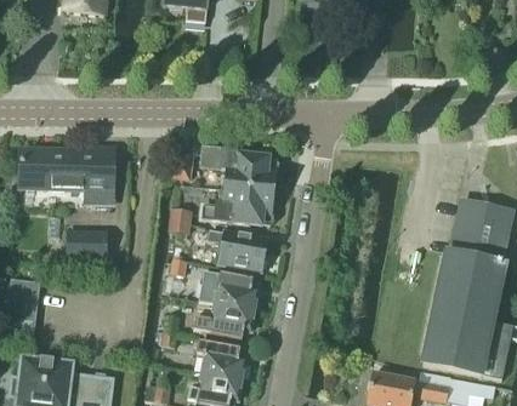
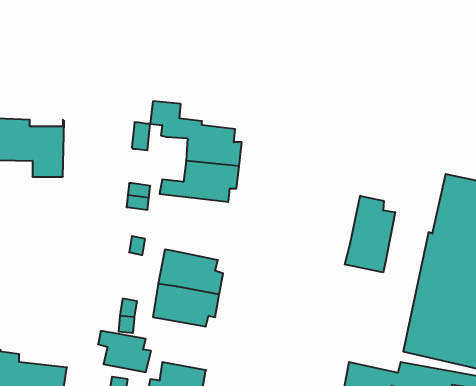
building: none -> [345,196,395,272]
building: [67,229,107,261] -> none
building: [206,229,267,270] -> none
building: [197,342,245,379] -> [98,331,151,372]

